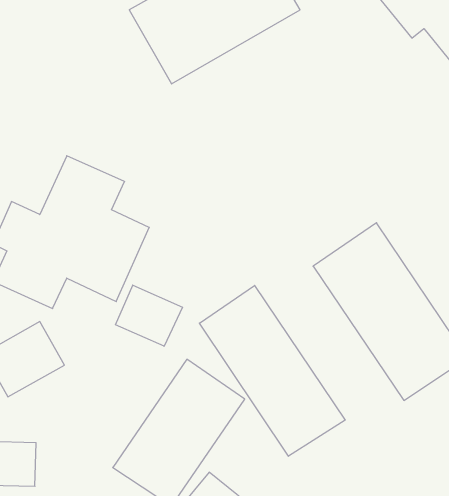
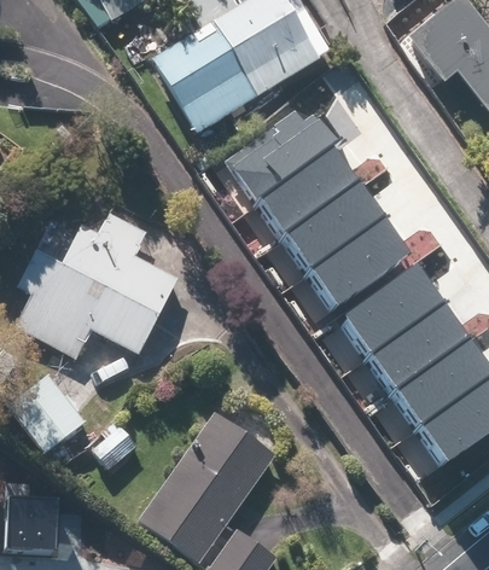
building: none -> [231,116,389,298]
building: [115,285,183,346] -> none
building: [199,285,345,456] -> none

